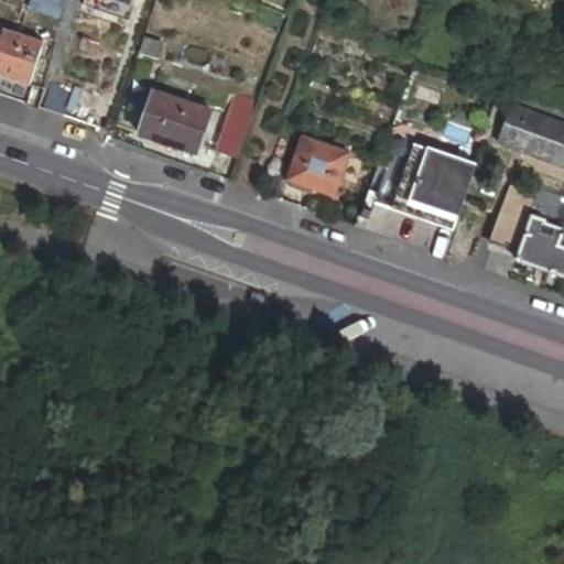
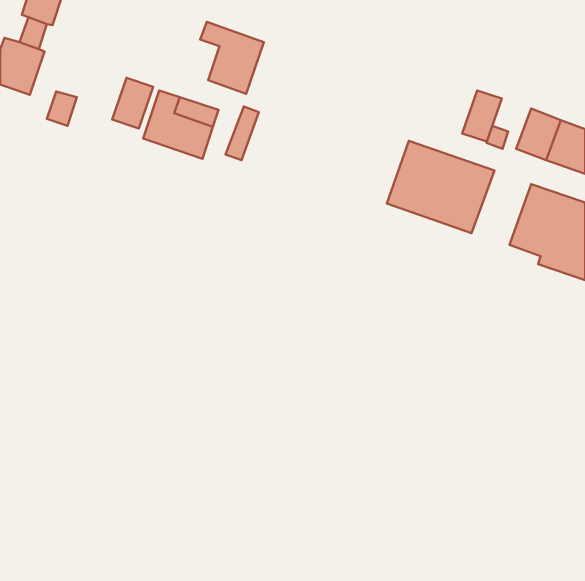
building: none -> [200,22,264,94]
building: none -> [112,78,153,128]
building: none -> [462,90,502,142]
building: [286,133,347,192] -> none

